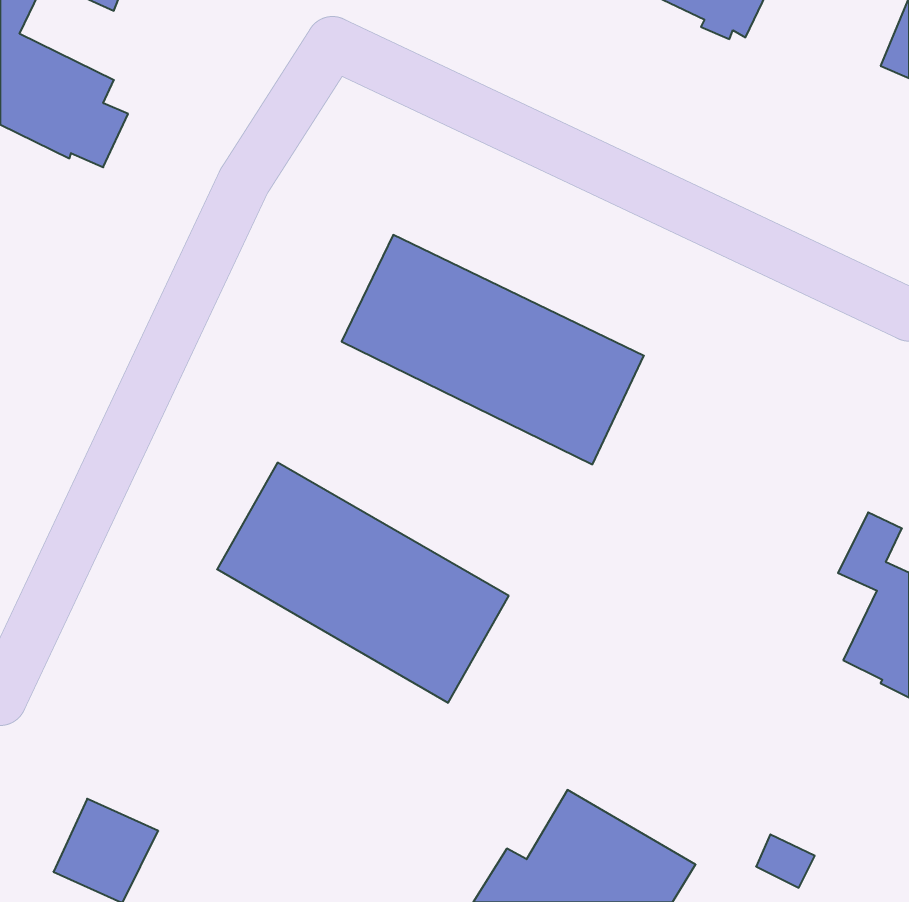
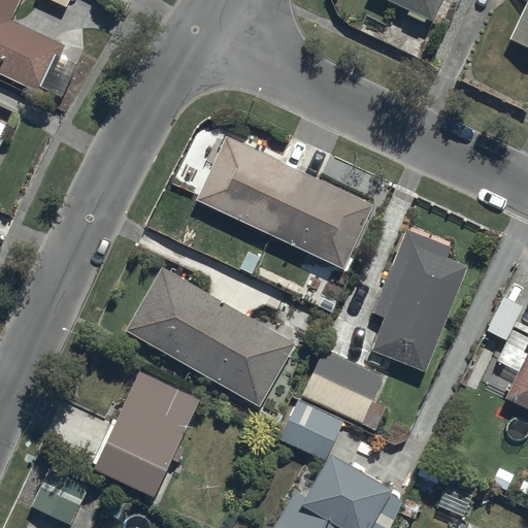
building: none -> [372,228,467,371]
building: none -> [302,348,386,430]
building: none -> [94,372,201,500]
building: none -> [276,397,343,459]

